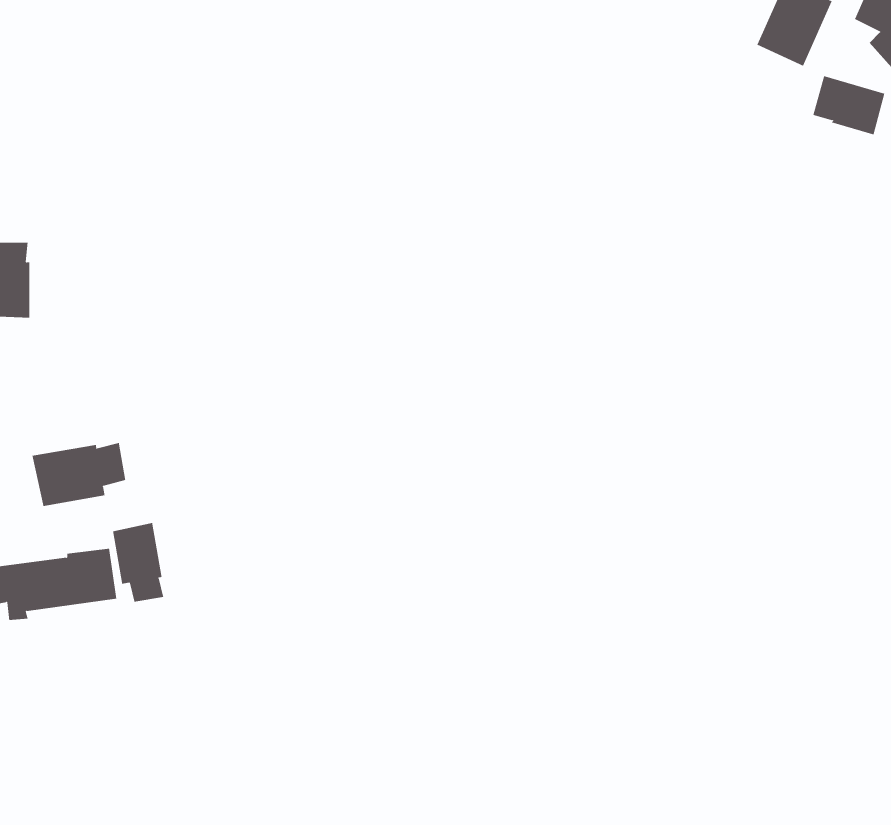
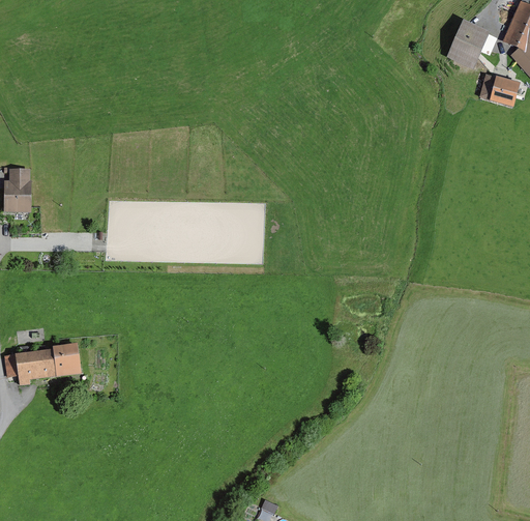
building: [32,442,126,507] -> none
building: [113,522,164,603] -> none

